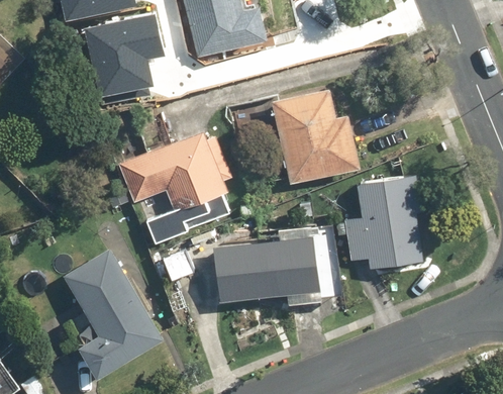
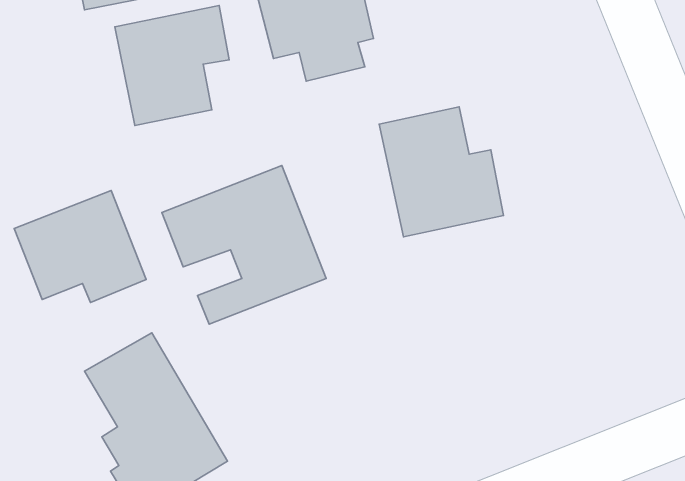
building: none -> [14,190,146,303]
building: [343,179,422,268] -> none
building: [188,222,340,322] -> none

